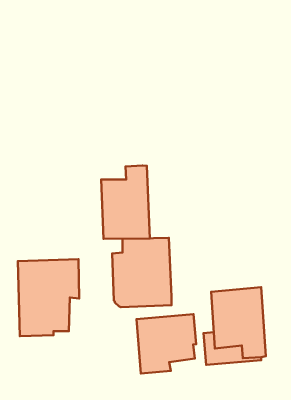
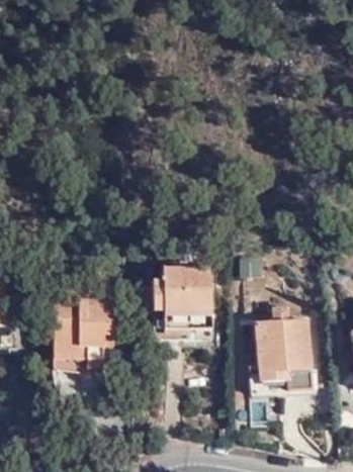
building: [101,165,150,239] -> none
building: [136,314,196,373] -> none

